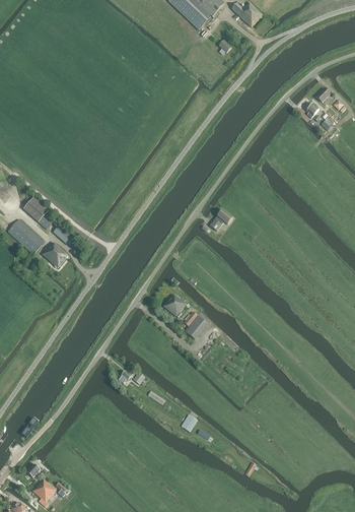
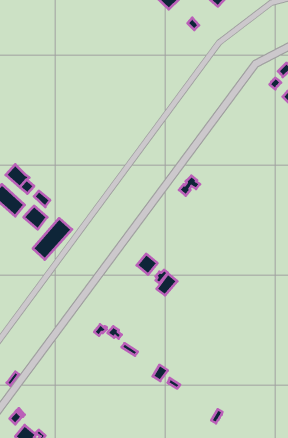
building: none -> [33,218,72,260]

